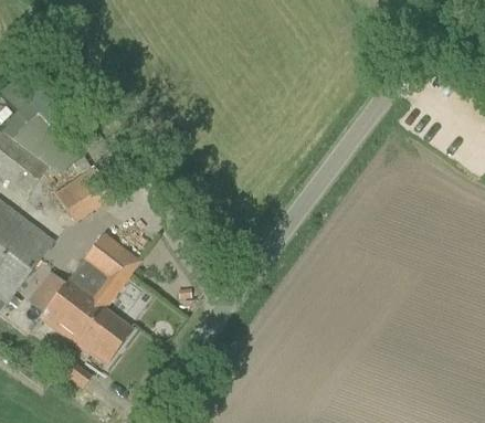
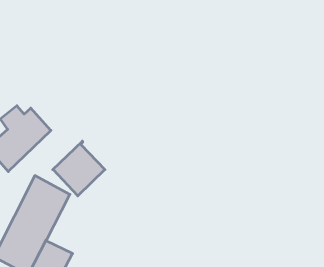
building: none -> [53,141,105,196]

